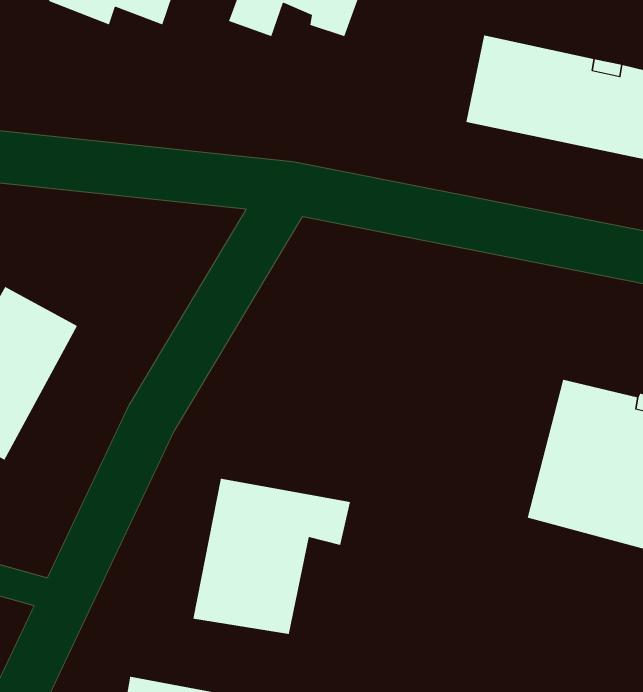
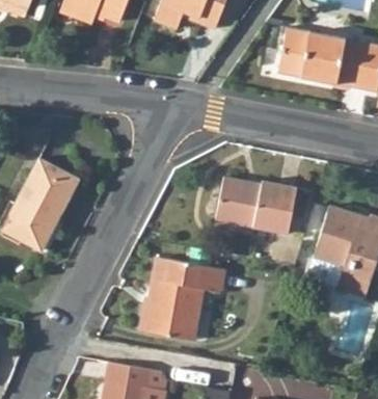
building: none -> [216,179,297,235]

